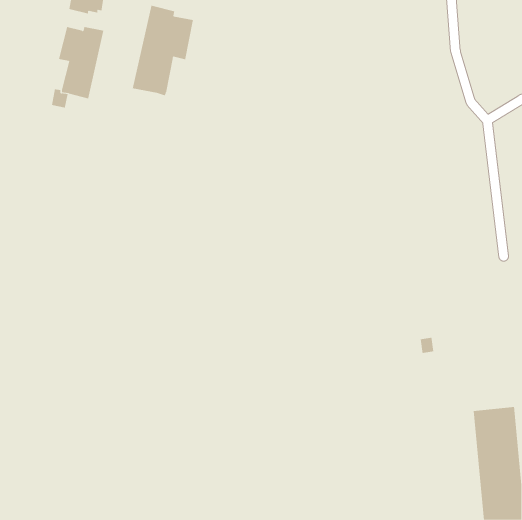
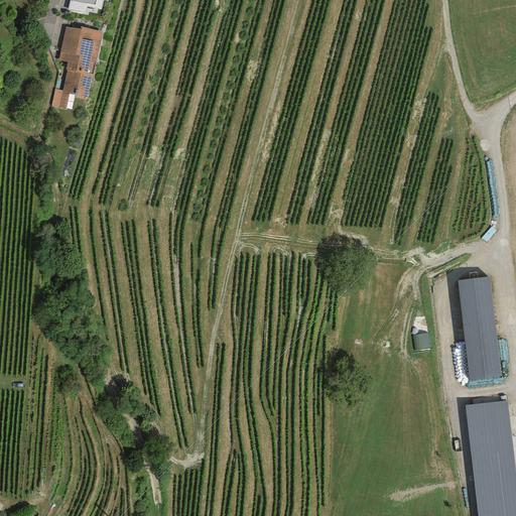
building: [132,5,193,96] -> none
building: none -> [460,274,500,383]

